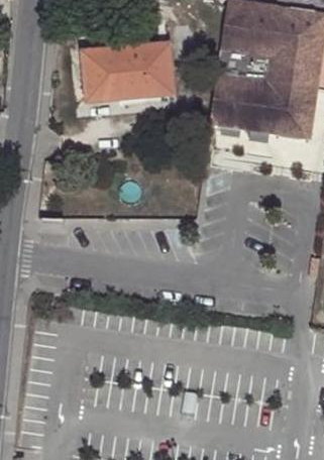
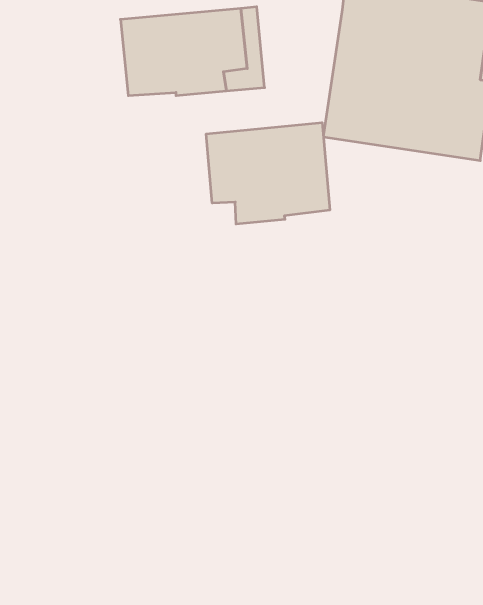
building: none -> [206,123,330,224]

